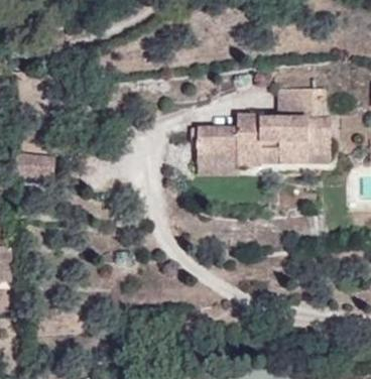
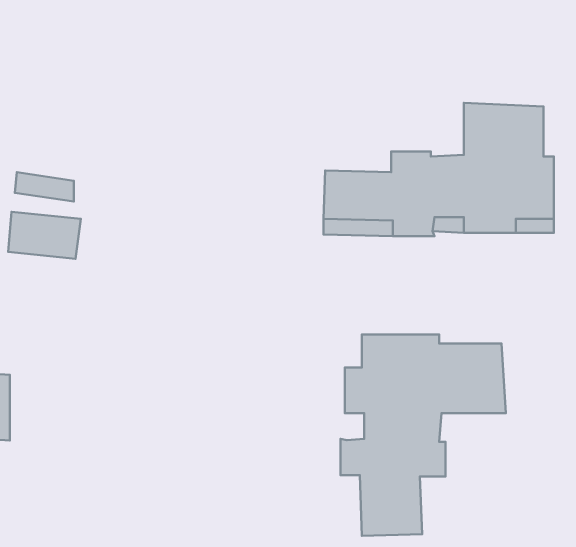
building: none -> [340,334,506,536]

